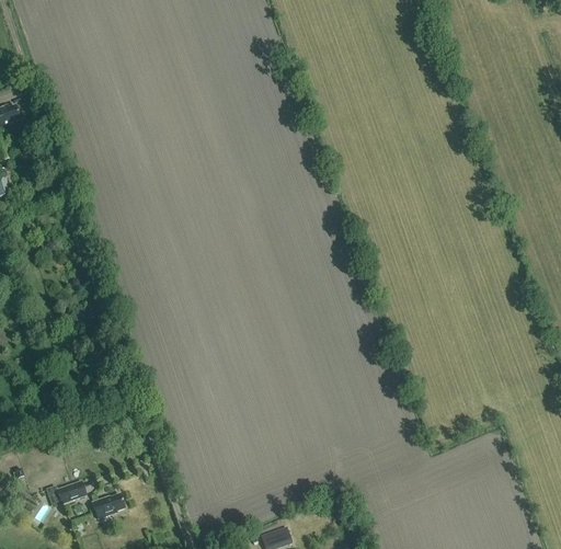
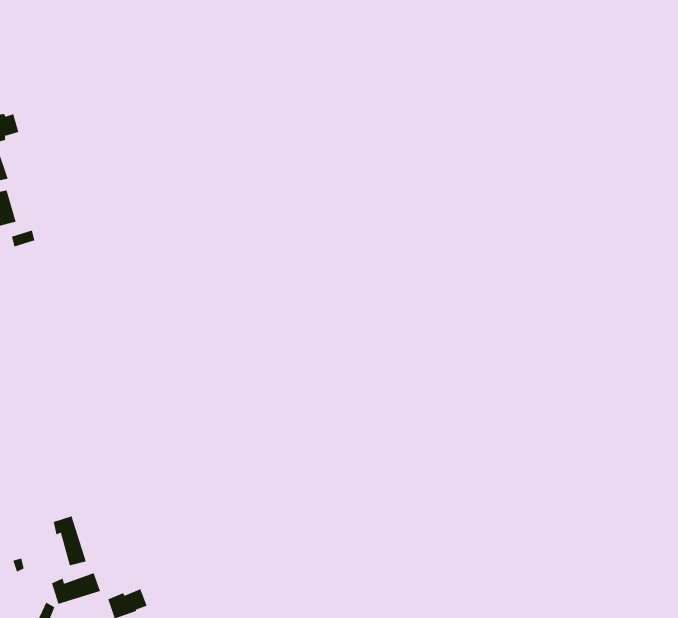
building: none -> [53,516,86,566]

